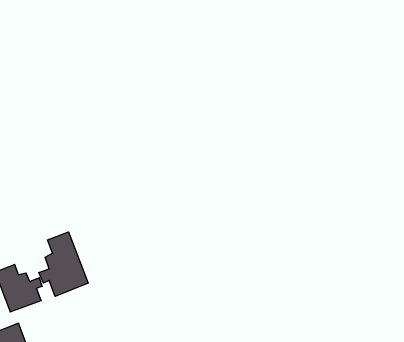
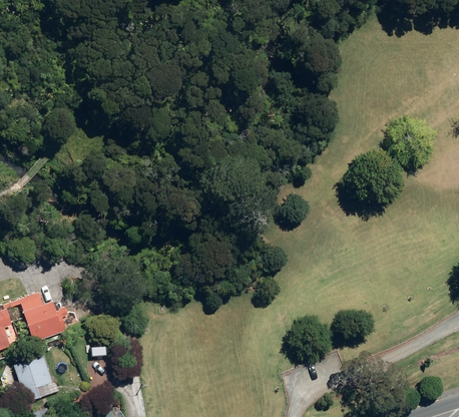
building: [39,232,88,296] -> none

